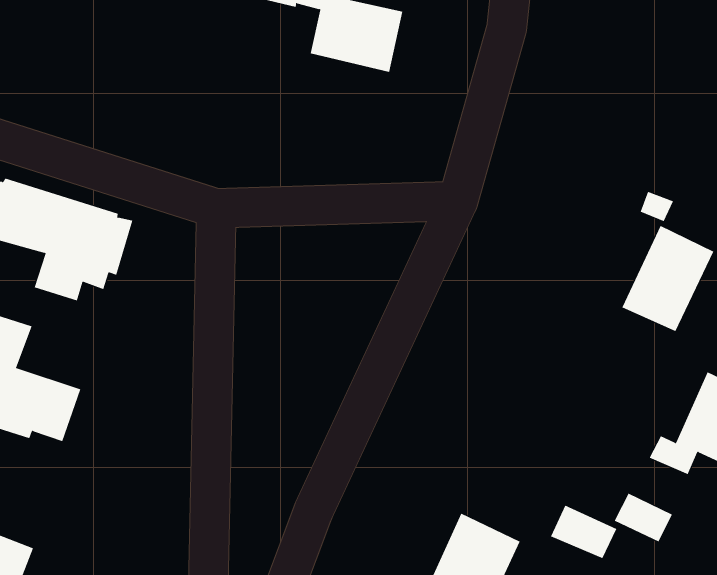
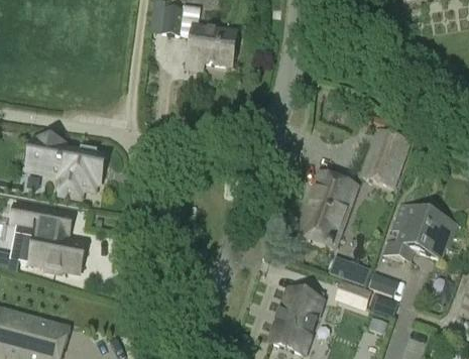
building: none -> [299,173,354,246]
building: none -> [330,256,371,285]

